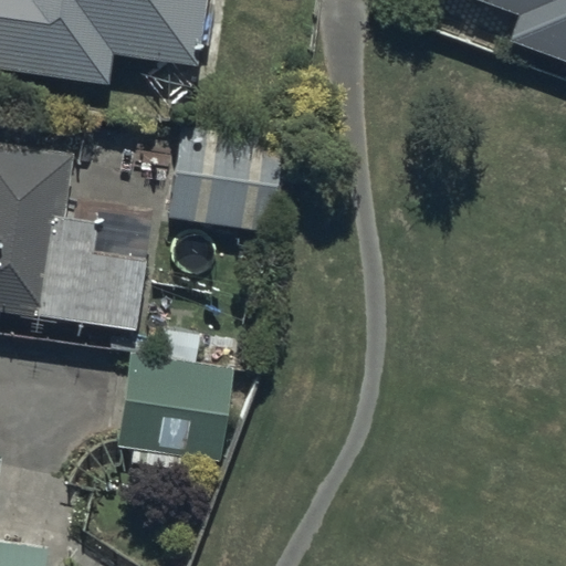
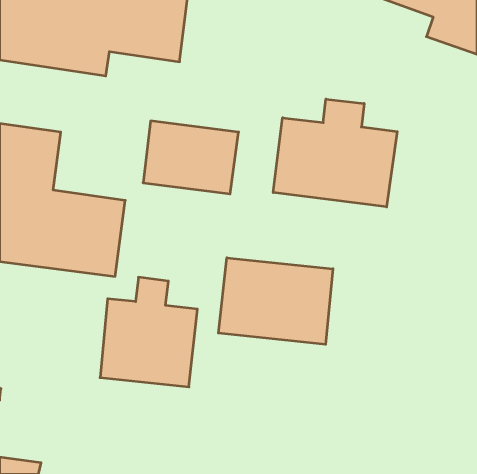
building: none -> [273,99,397,207]
building: none -> [218,258,333,344]

